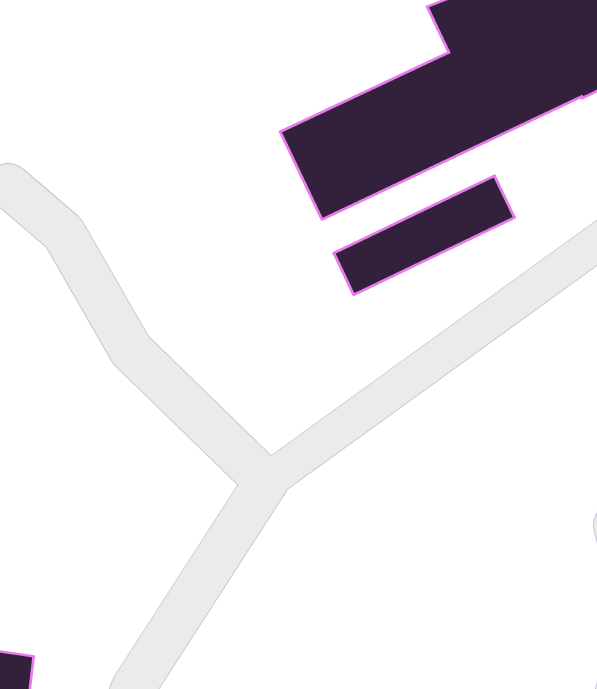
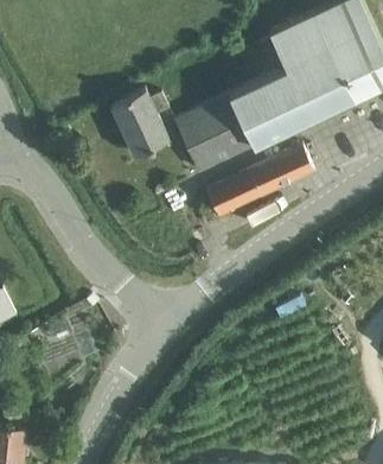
building: none -> [109,90,168,157]

